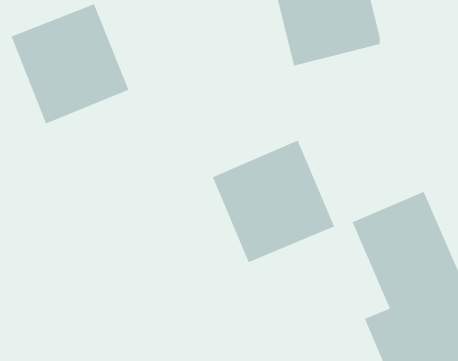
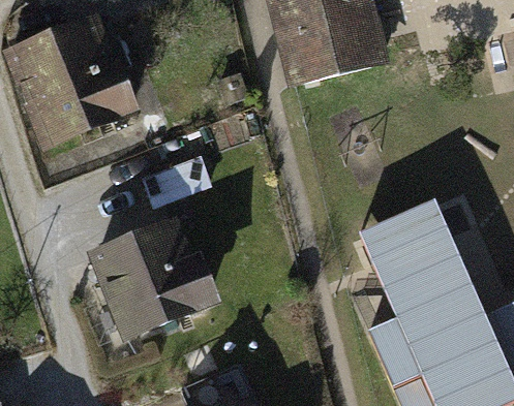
building: [212,140,335,263] -> none
building: none -> [98,221,211,337]

